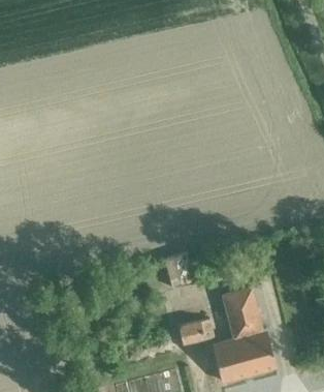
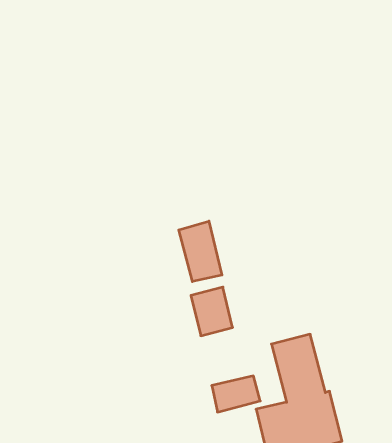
building: none -> [179,221,222,282]

